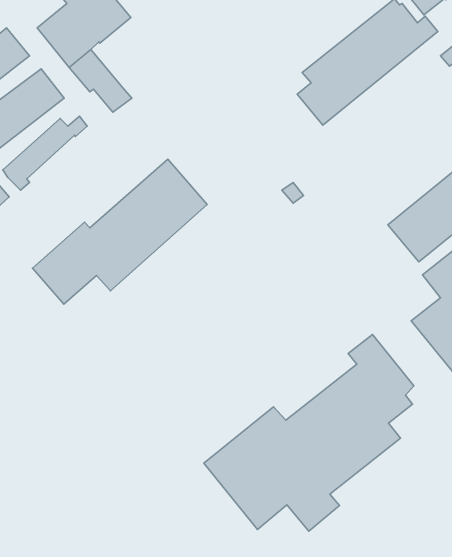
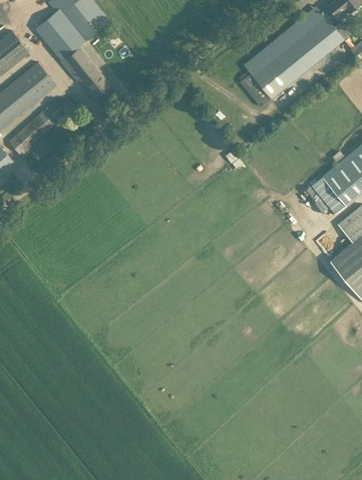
building: [32,159,207,304] -> none
building: [204,334,414,531] -> none

